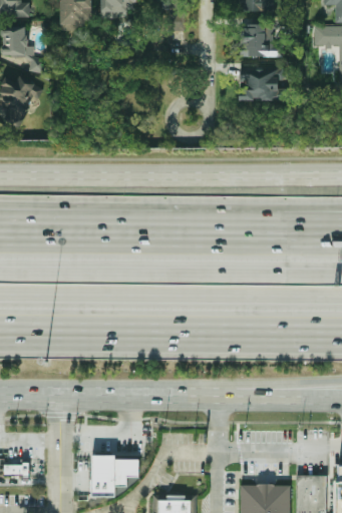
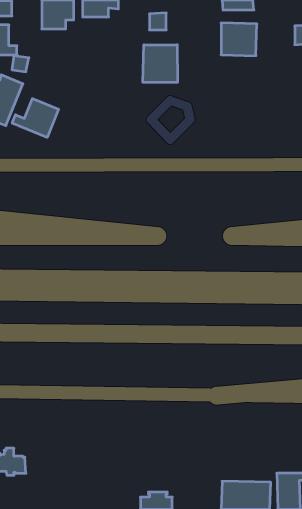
building: none -> [143,45,177,82]
building: [240,65,283,100] -> none
building: none -> [12,99,59,137]
building: [91,454,138,497] -> none

